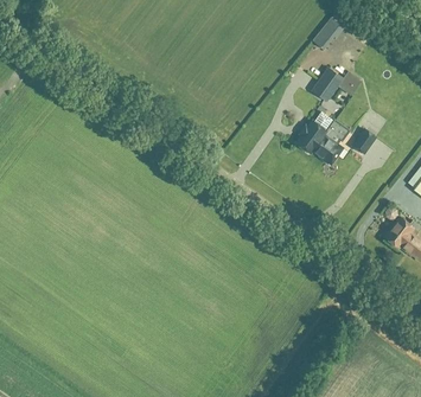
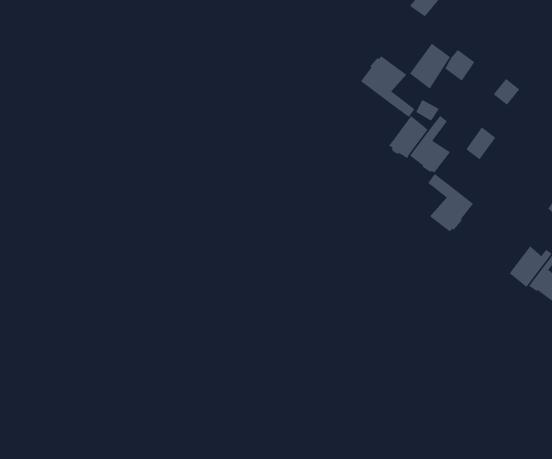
building: none -> [360,56,415,118]
building: none -> [427,173,474,232]

